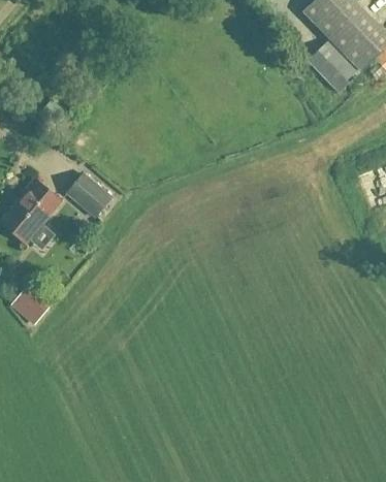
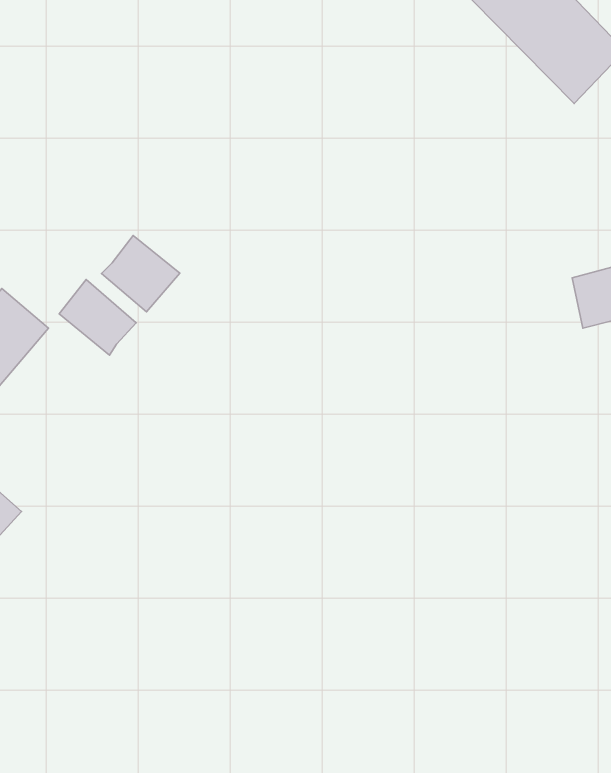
building: [307,39,359,93] -> none
building: none -> [102,236,180,312]

